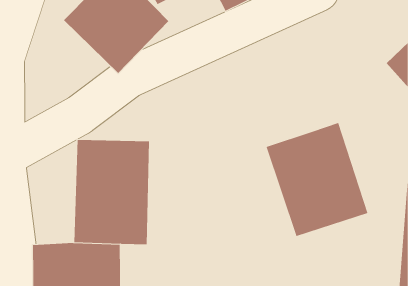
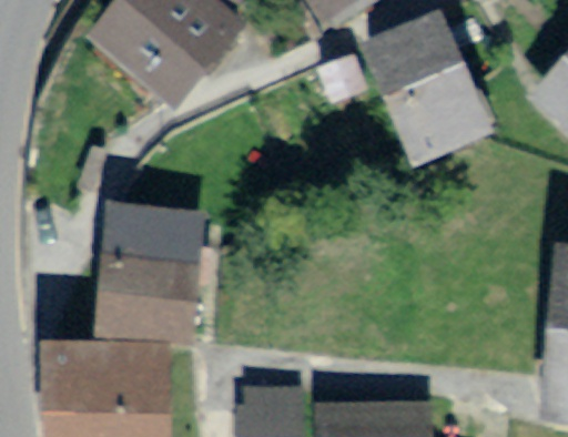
building: none -> [359,20,477,156]
building: [266,122,368,237] -> none

